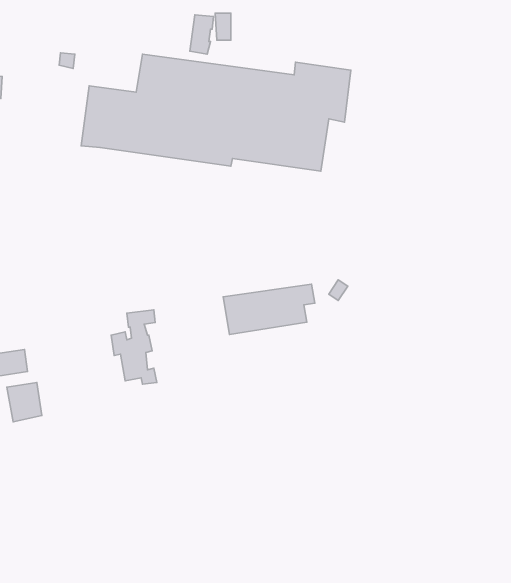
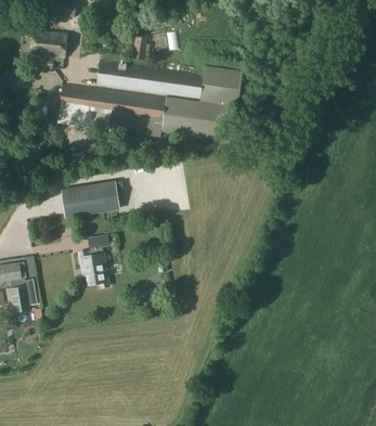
building: none -> [30,30,66,57]
building: [223,284,315,335] -> [62,181,125,216]

